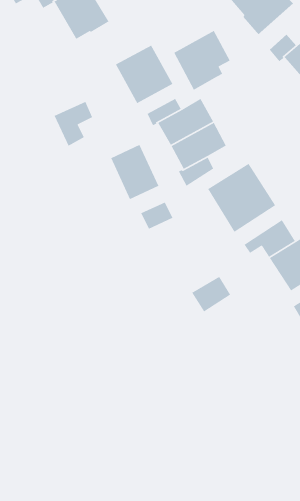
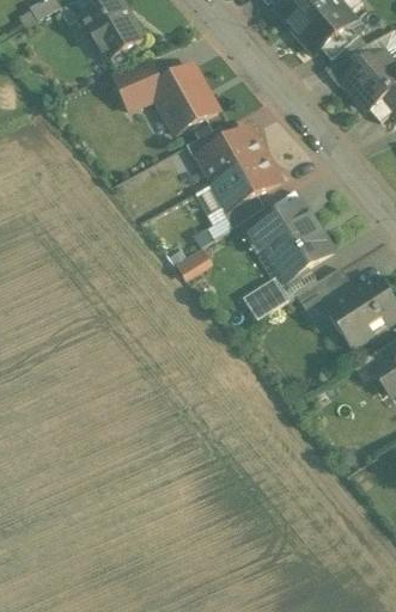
building: [173,30,231,91] -> none
building: [53,101,93,147] -> [112,56,158,109]
building: [110,144,159,200] -> none
building: [191,276,231,313] -> [244,276,290,318]

